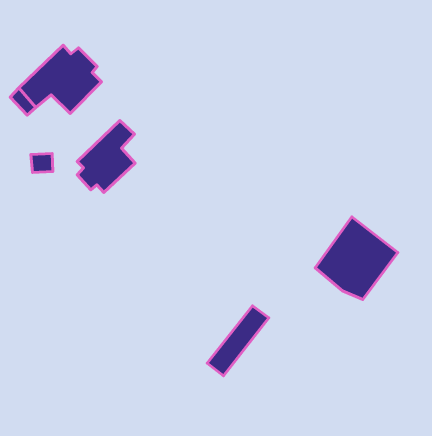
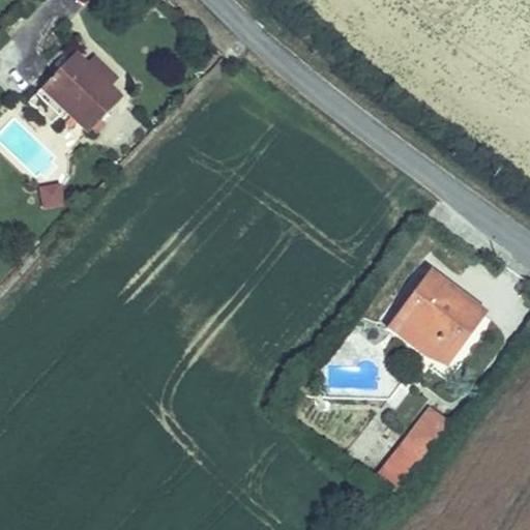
building: [77,121,135,192] -> none
building: [207,306,269,376] -> [375,401,449,485]

